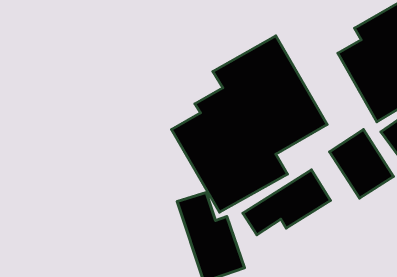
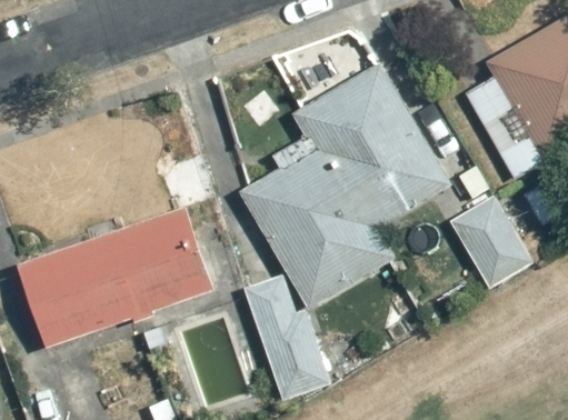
building: none -> [16,210,212,348]
building: [243,170,330,235] -> none

